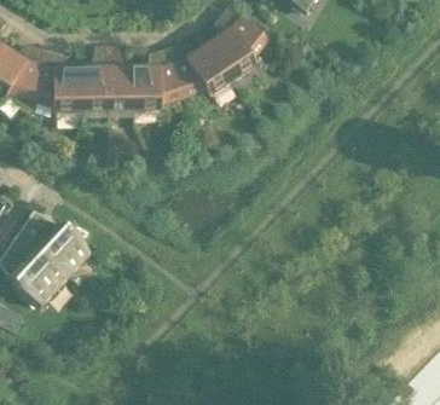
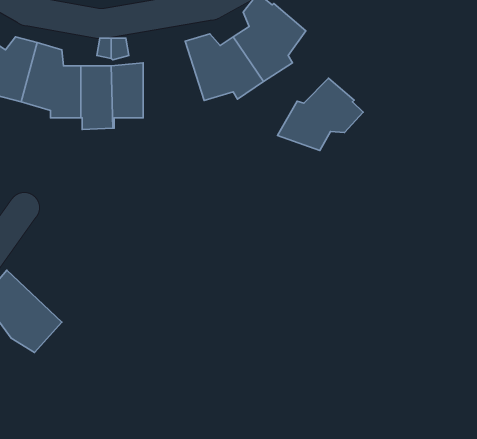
building: [132,46,183,110] -> none
building: none -> [278,78,363,150]
building: [18,213,88,280] -> none

